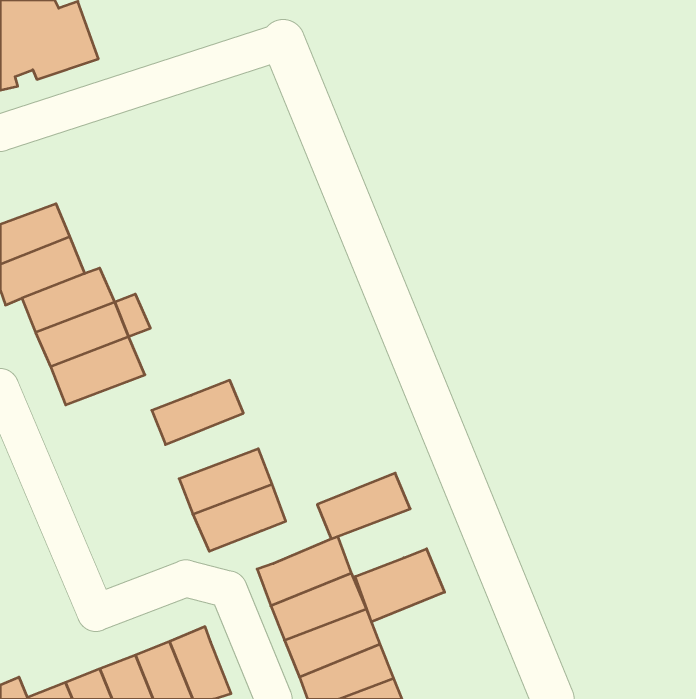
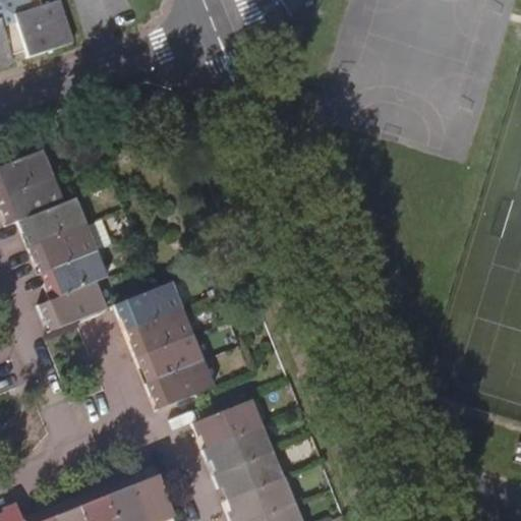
building: none -> [39,284,108,333]
building: [317,473,410,539] -> [125,307,194,356]
building: [355,549,445,622] -> none

